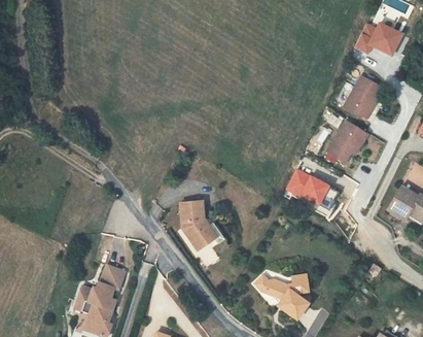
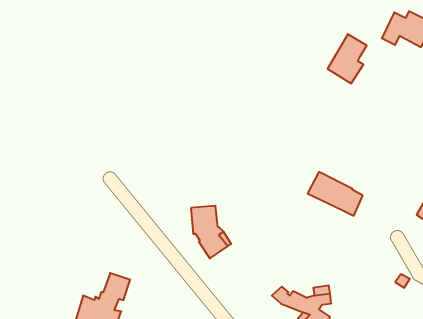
building: [344,75,380,121] -> [328,34,367,84]
building: [326,121,368,163] -> none

